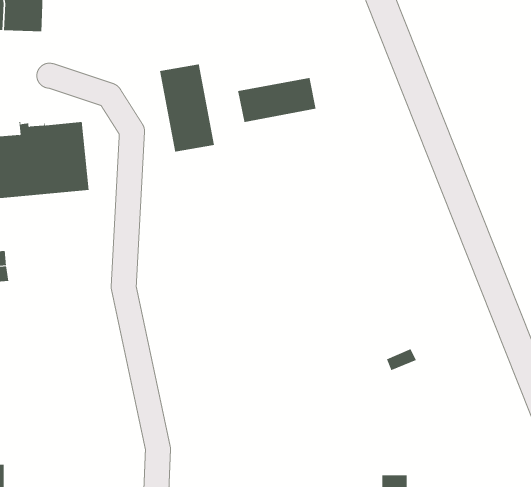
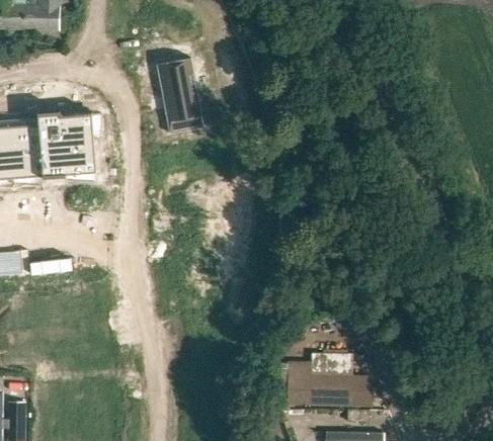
building: [238,77,316,123] -> none
building: none -> [289,353,374,407]

